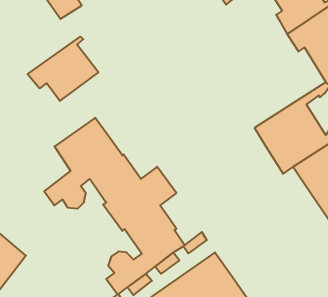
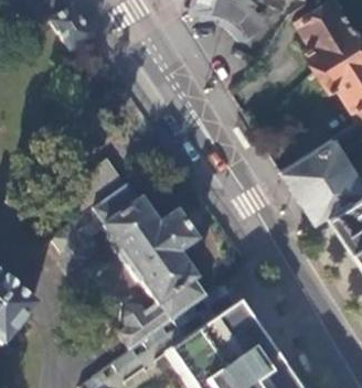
building: [28,37,98,101] -> none

